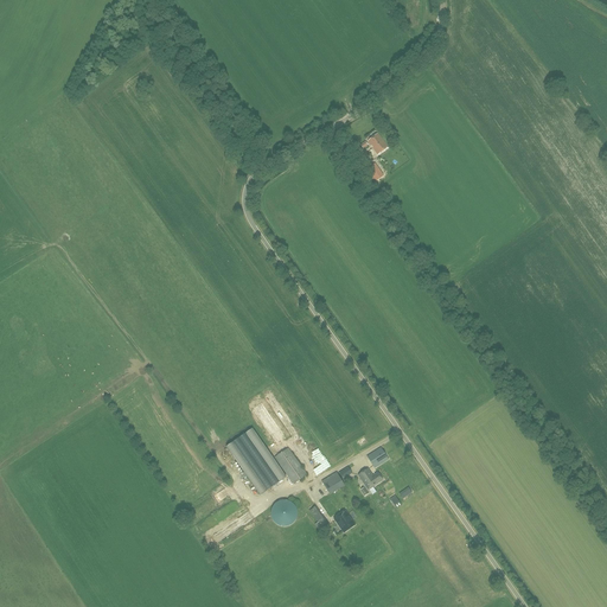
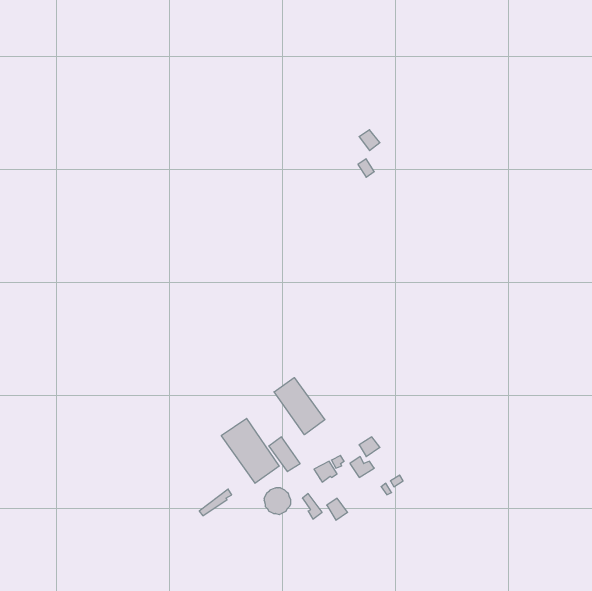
building: none -> [274,378,325,435]

